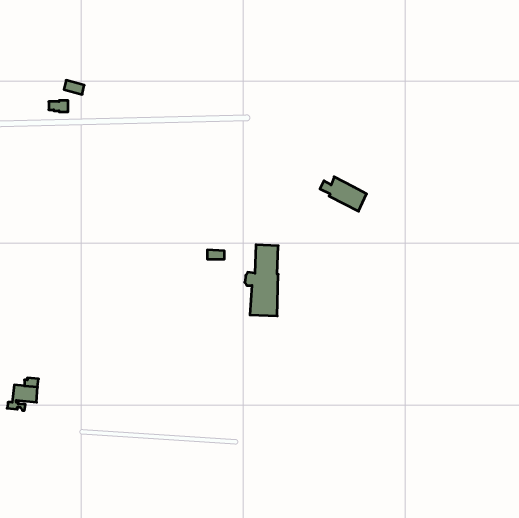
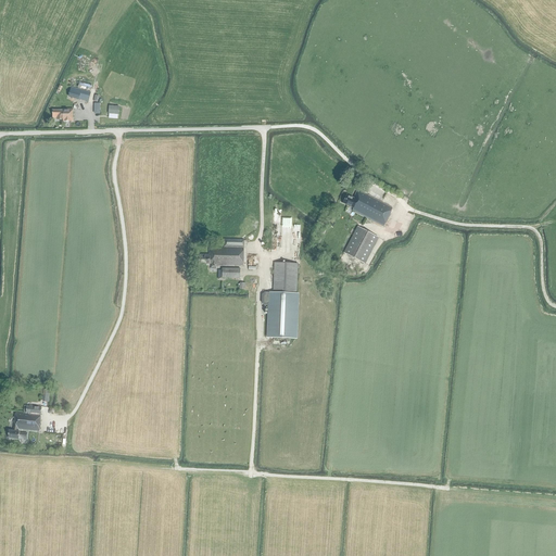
building: none -> [343,226,379,263]
building: none -> [199,238,244,266]

